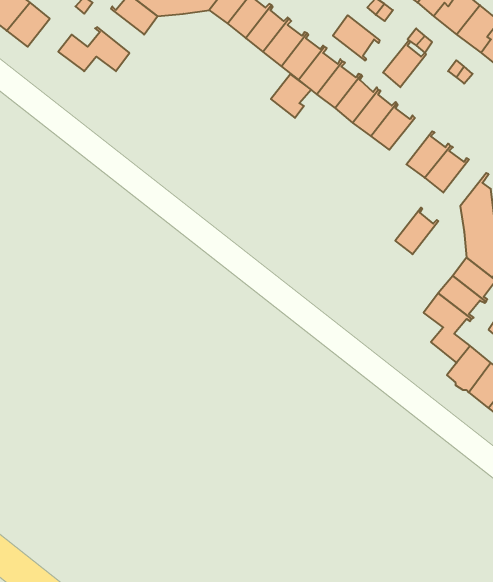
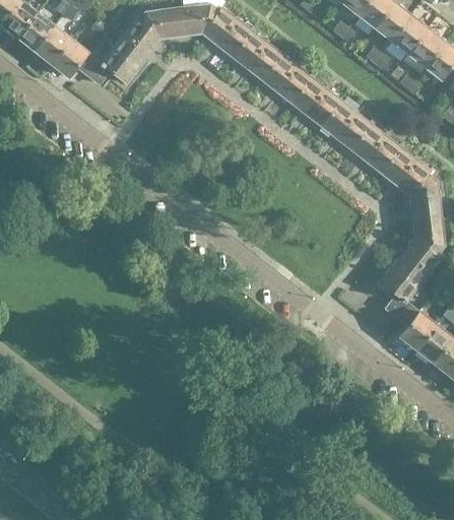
building: none -> [110,32,148,69]
building: [333,15,380,61] -> none
building: none -> [52,41,88,78]
building: [383,41,426,87] -> [351,123,387,161]
building: [271,74,311,118] -> none
building: [395,208,438,254] -> [396,157,432,196]

